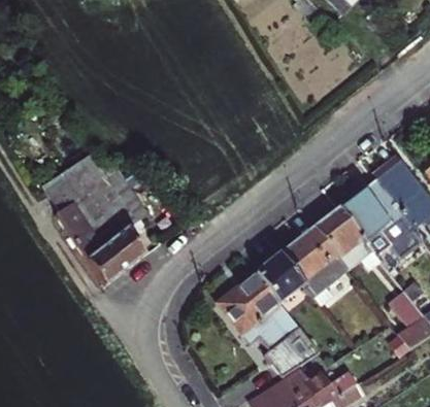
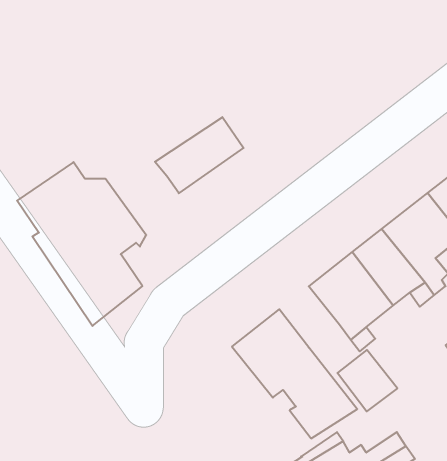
building: none -> [155,117,244,193]
building: [255,255,303,304] -> [337,350,397,411]

